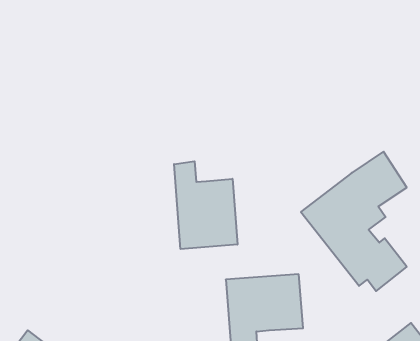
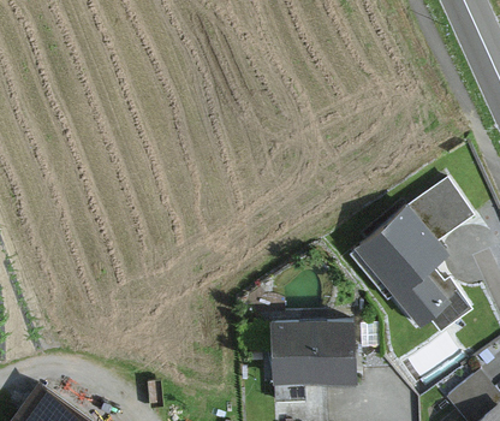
building: [174,161,237,249] -> none

